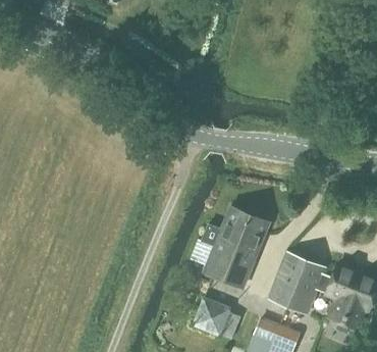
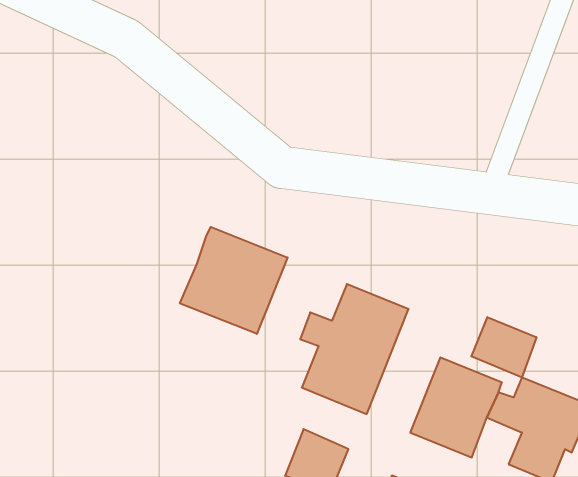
building: none -> [180,227,288,334]
building: none -> [471,317,536,377]

